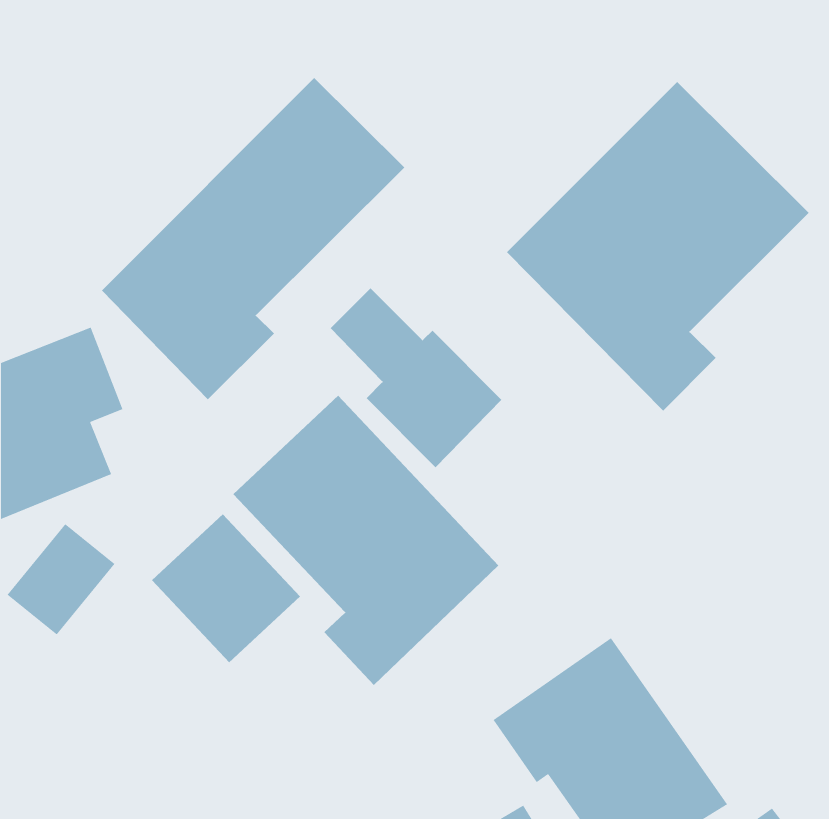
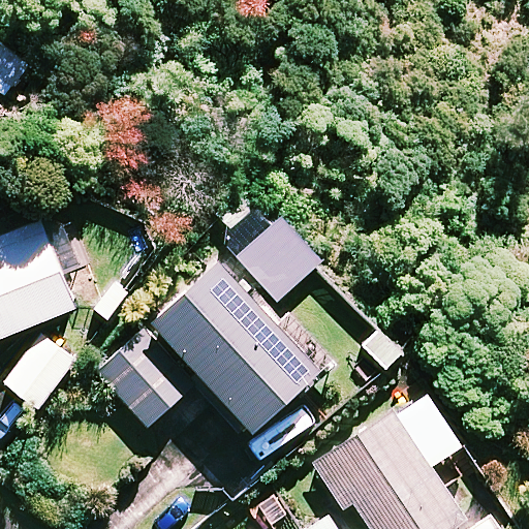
building: [101,77,405,400] -> none
building: [506,81,809,411] -> none

